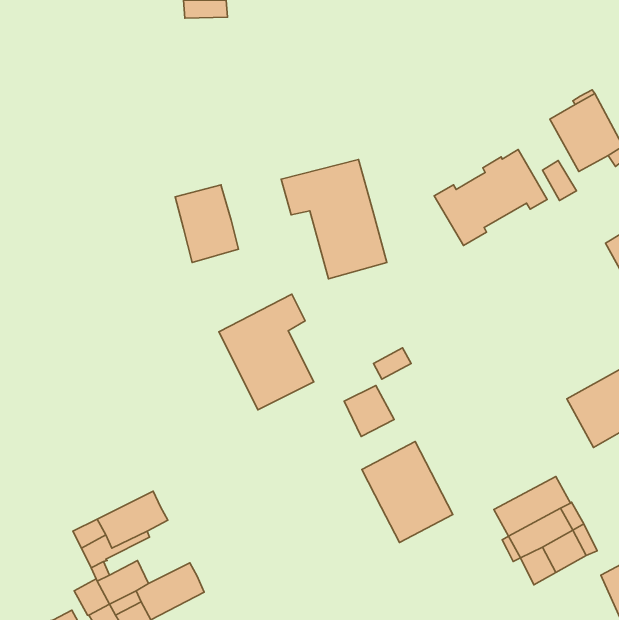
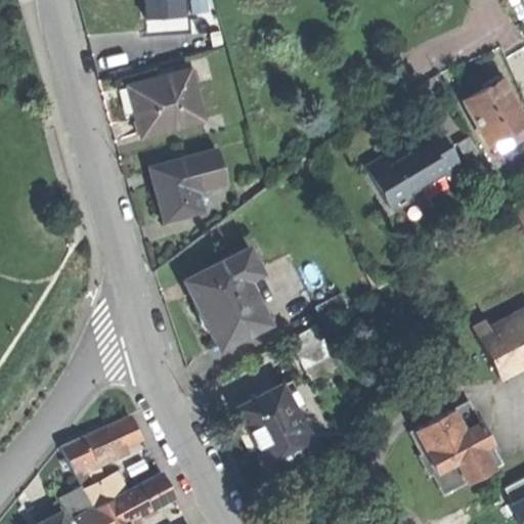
building: none -> [128,69,205,137]
building: [281,159,387,279] -> none
building: none -> [188,149,226,186]
building: [362,442,453,543] -> [238,385,315,470]

